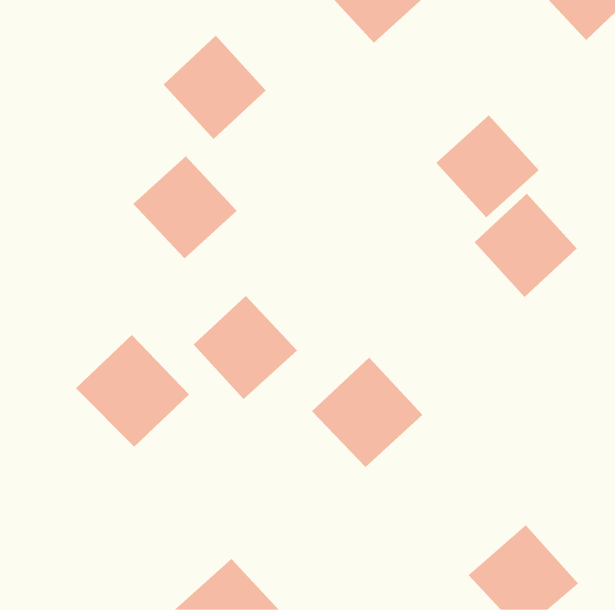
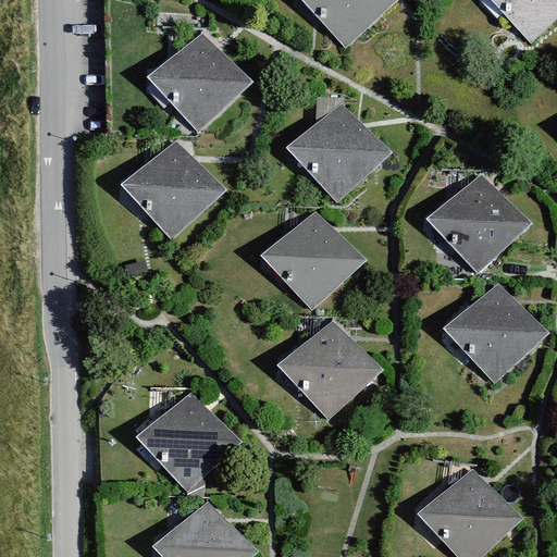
building: [436,115,539,218] -> [290,104,384,198]
building: [193,295,298,400] -> [263,211,358,306]
building: none -> [448,287,542,381]
building: [75,334,190,447] -> [140,393,244,495]

